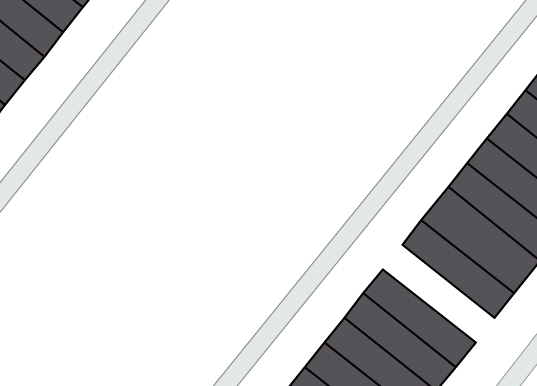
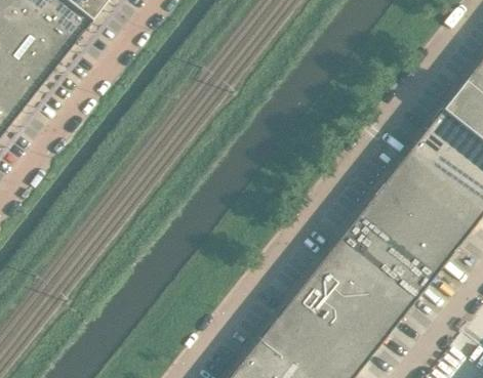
building: none -> [323,239,415,320]

